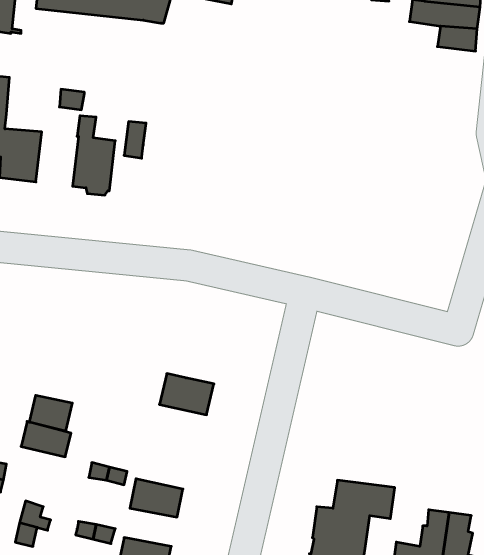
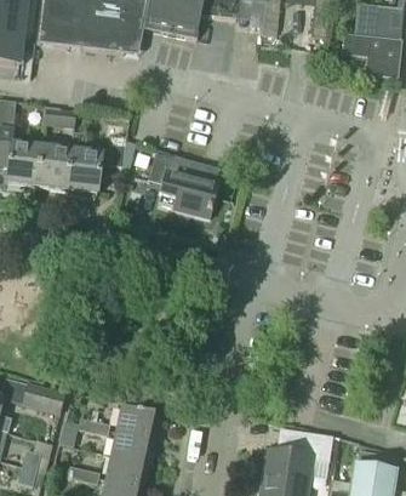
building: none -> [34,143,69,188]
building: none -> [148,150,217,216]
building: [159,374,214,415] -> [116,404,161,438]
building: [30,395,72,431] -> none
building: none -> [107,454,150,485]

